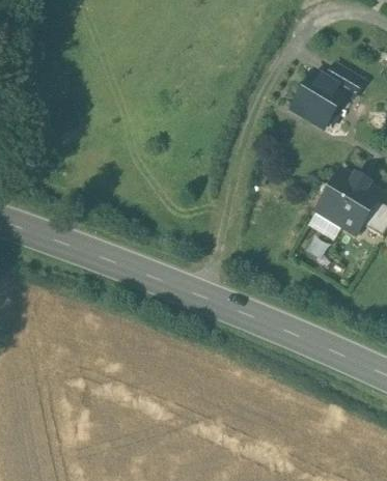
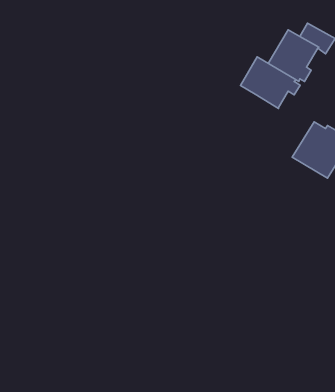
building: none -> [241,57,300,109]

